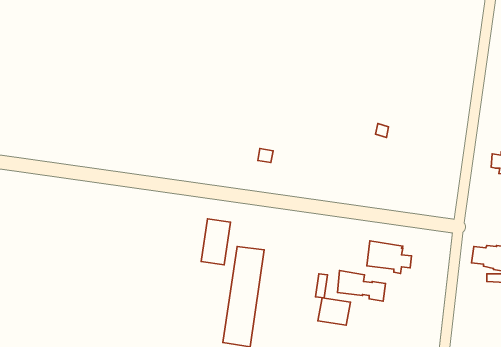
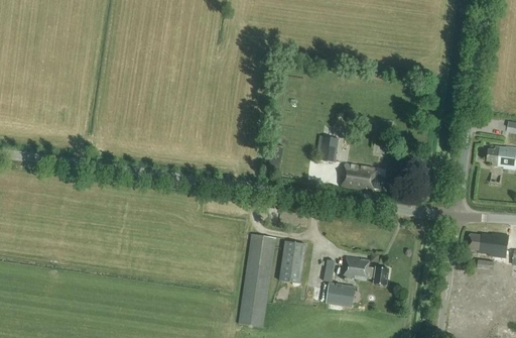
building: none -> [318,136,338,162]
building: [201,219,231,265] -> [279,240,306,283]
building: [367,241,411,273] -> [342,163,383,194]

